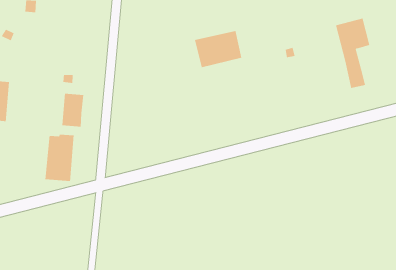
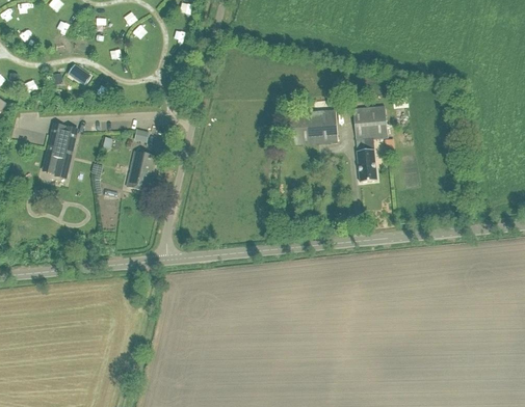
building: [335,18,370,88] -> [353,106,389,182]
building: [45,134,74,182] -> none

